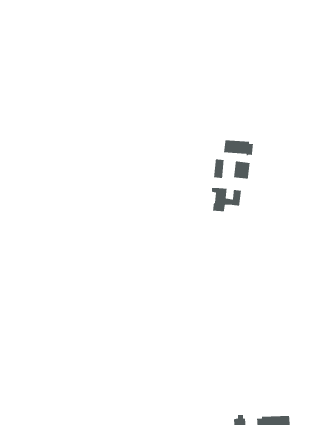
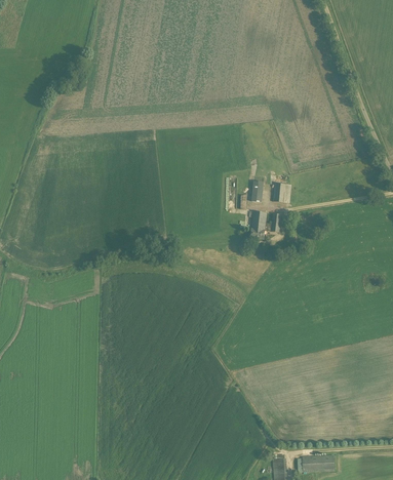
building: [223,139,254,156] -> none

